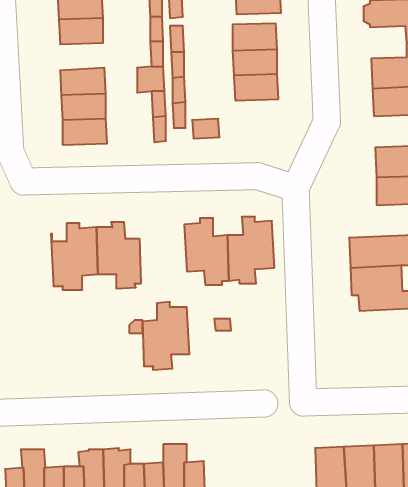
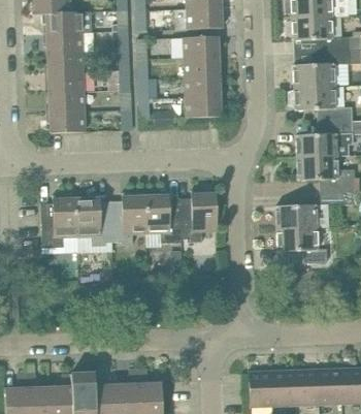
building: none -> [48,53,84,74]
building: none -> [187,97,222,118]
building: [142,302,189,370] -> [111,192,149,246]

